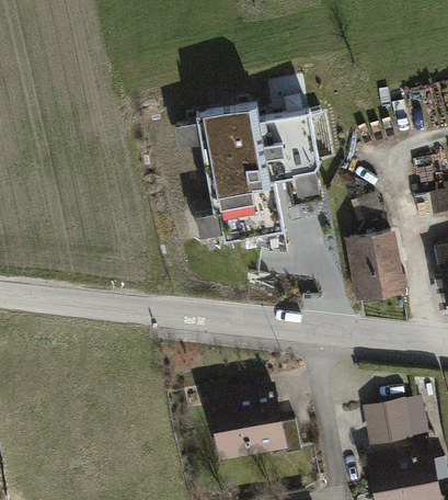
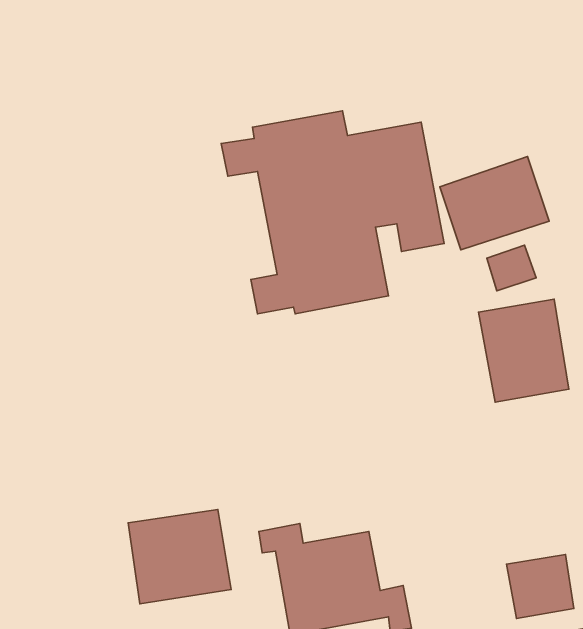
building: none -> [440,157,549,250]
building: none -> [128,509,231,604]

